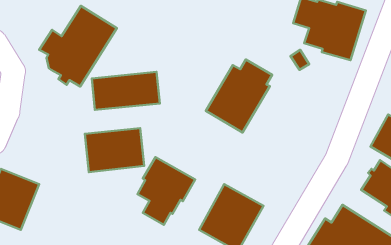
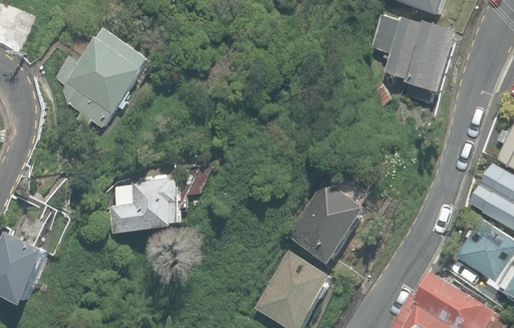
building: [206,60,272,132] -> [286,174,369,265]
building: [92,72,160,110] -> none
building: [137,157,195,225] -> none

